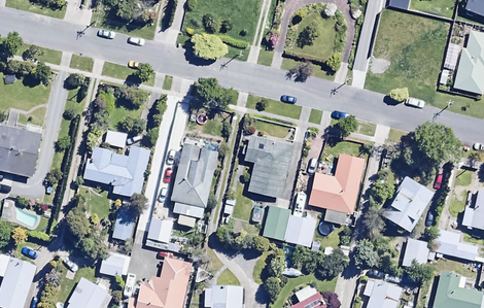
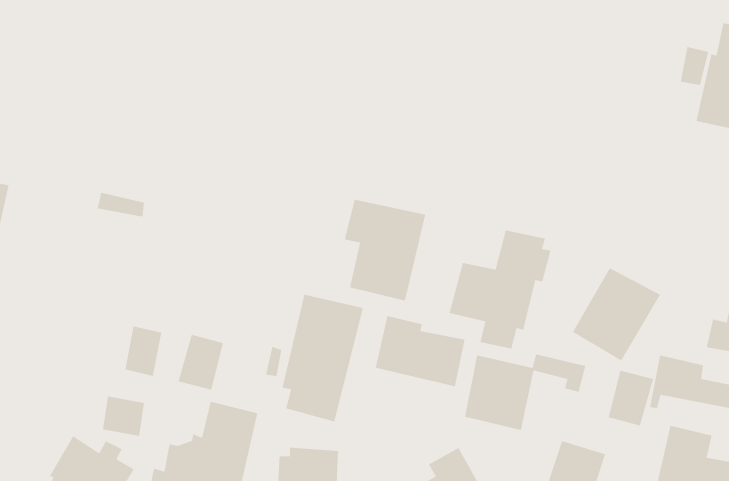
building: [170,142,219,219] -> [282,294,364,422]
building: [82,144,152,201] -> none
building: none -> [464,353,586,431]

